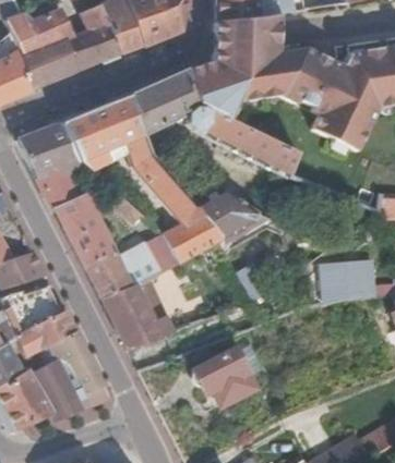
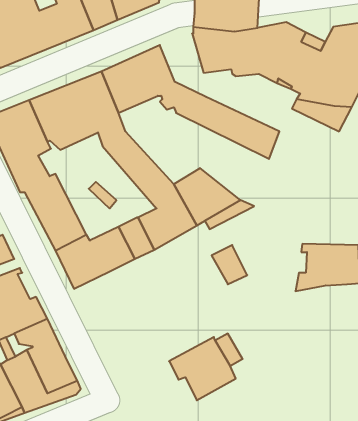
building: [184,59,256,119] -> none
building: [103,284,175,350] -> none

